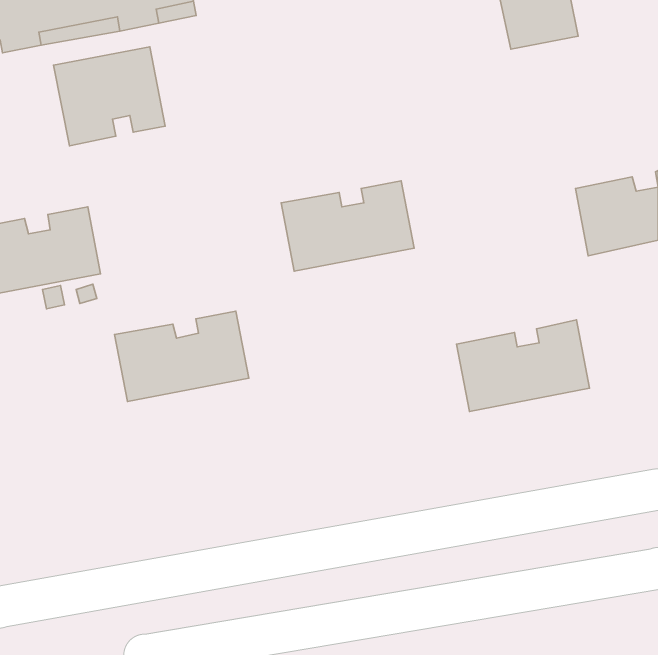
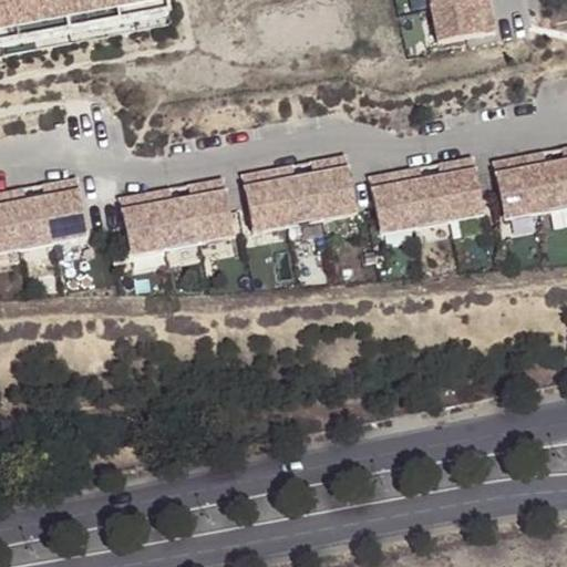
building: [54,47,165,146] -> none
building: [115,311,249,402] -> [118,178,234,256]
building: [456,320,589,411] -> [370,155,484,234]

